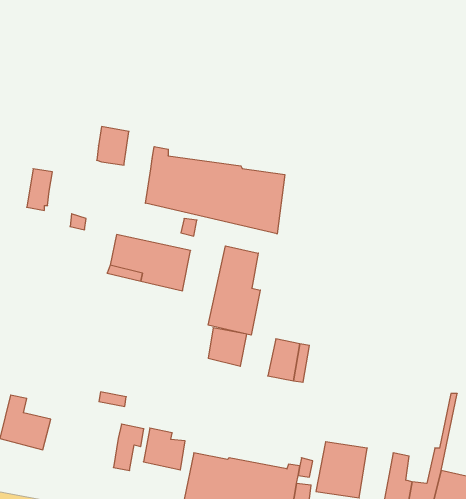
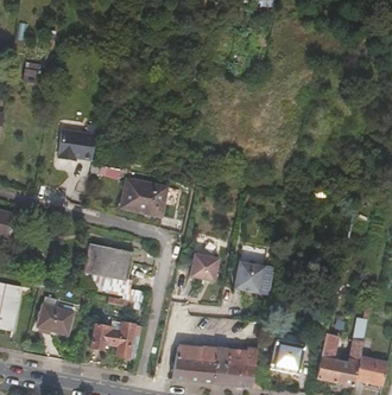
building: [97,127,129,165] -> [74,133,97,161]
building: [145,147,285,234] -> none
building: [208,246,260,335] -> none
building: none -> [83,242,133,279]
building: [143,428,185,470] -> [95,320,126,351]

